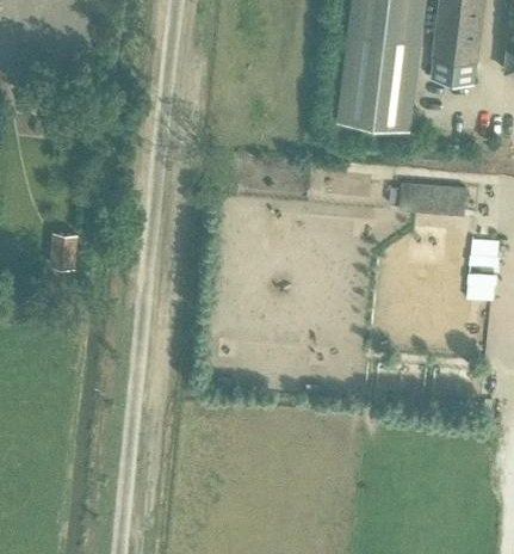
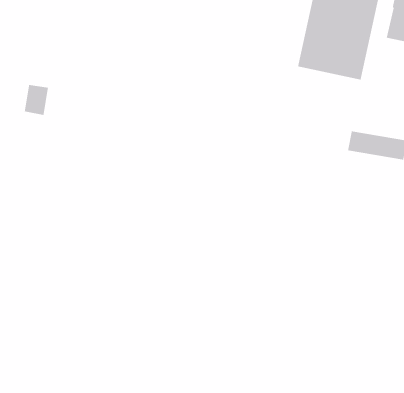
building: [50,236,75,270] -> [24,84,49,116]

